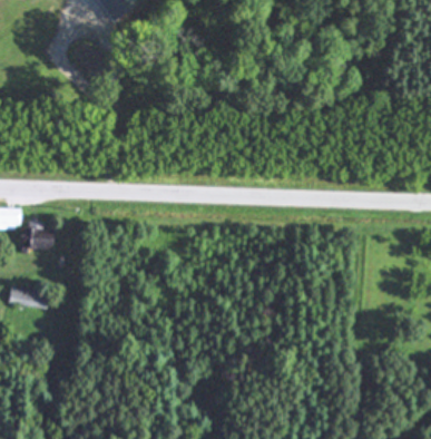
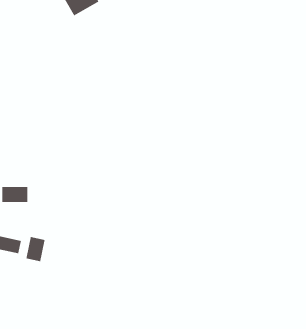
building: none -> [25,236,46,262]

